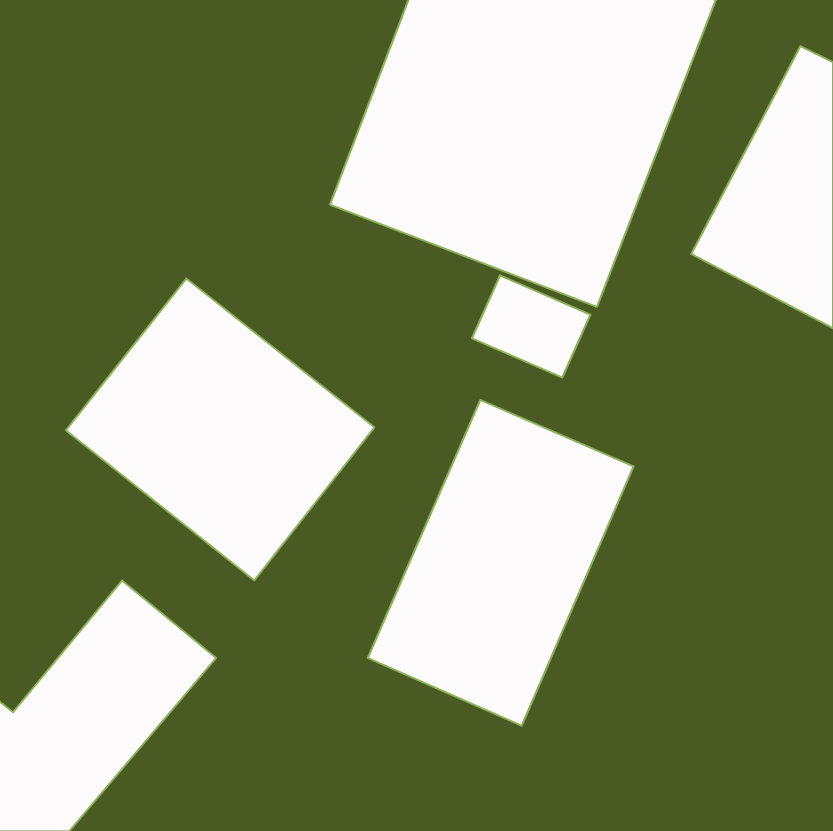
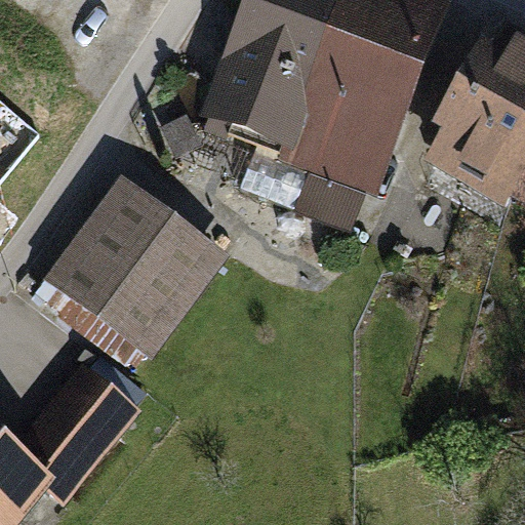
building: [368,400,634,726] -> none

